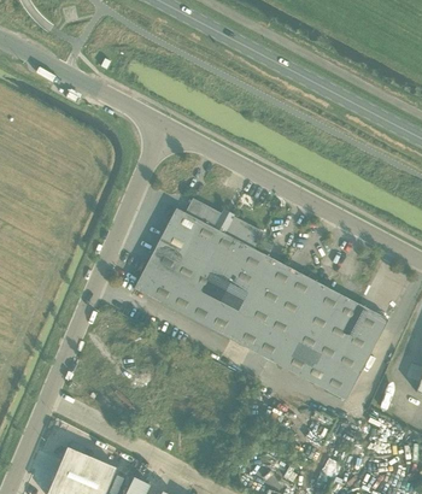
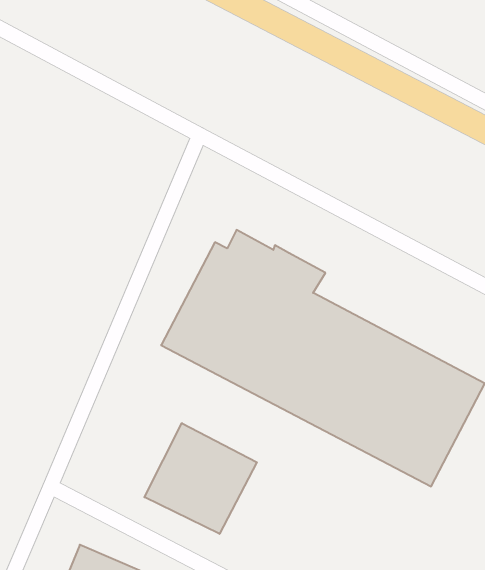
building: none -> [144,423,257,534]

